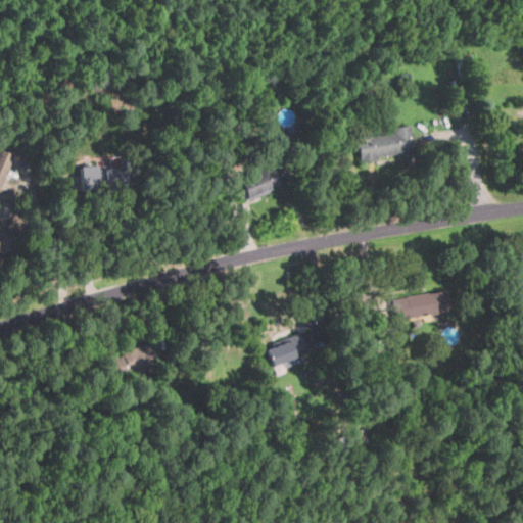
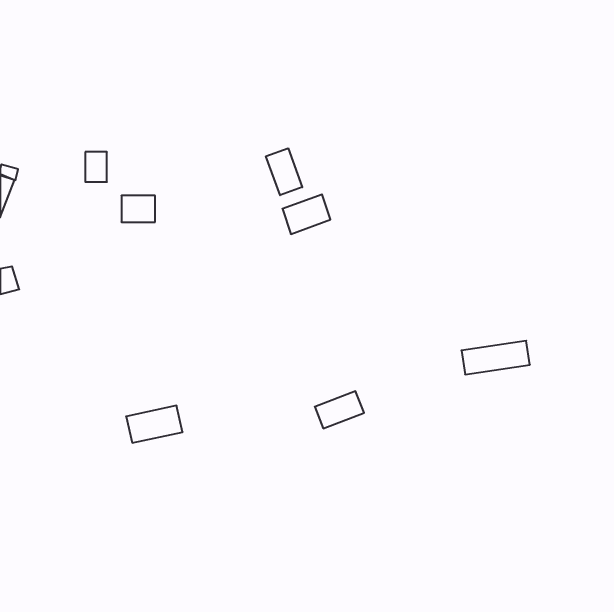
building: [356,125,415,161] -> none
building: none -> [266,148,302,195]
building: [80,167,98,192] -> [85,152,107,182]

